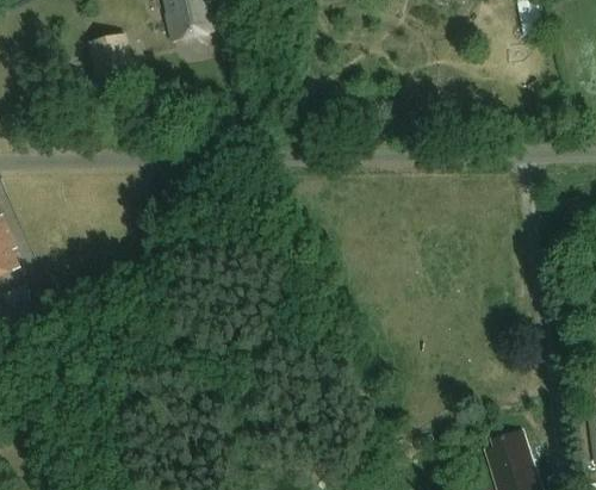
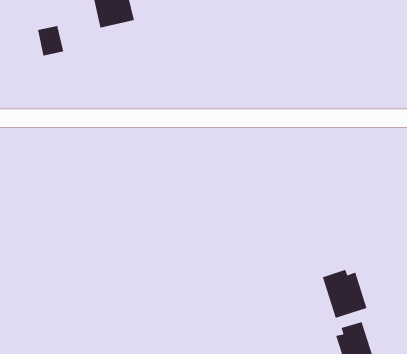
building: none -> [322,269,367,319]

